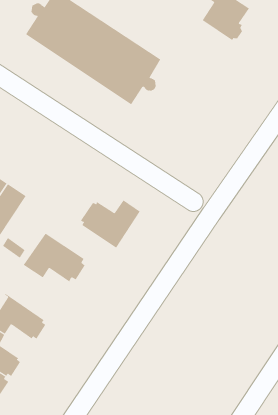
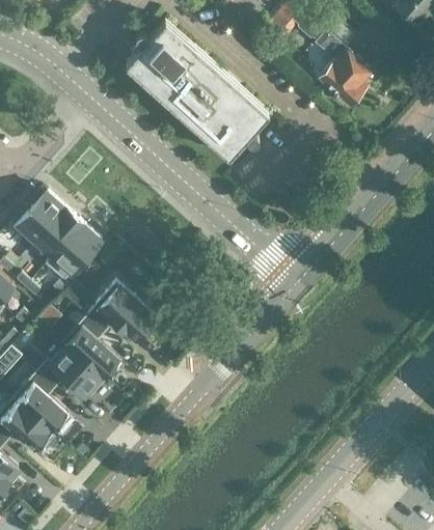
building: [80,200,140,248] -> none
building: none -> [62,315,118,380]

